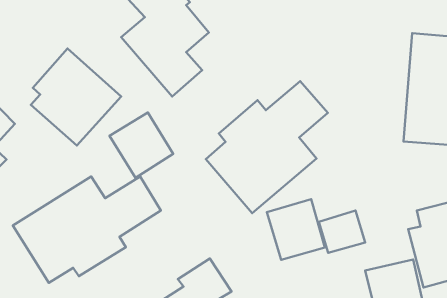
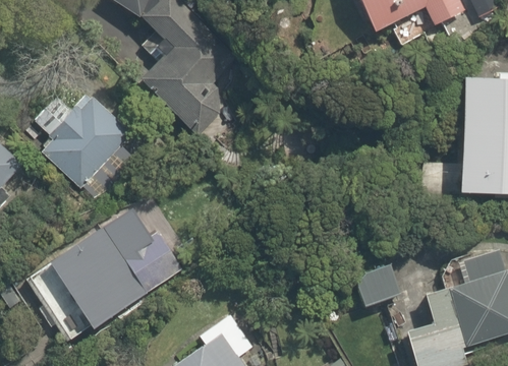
building: [206,81,328,213] -> none
building: [109,112,173,178] -> none
building: [267,199,325,260] -> none

